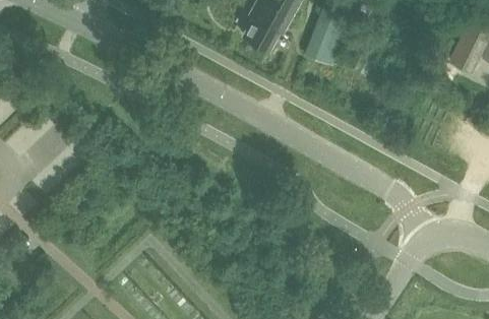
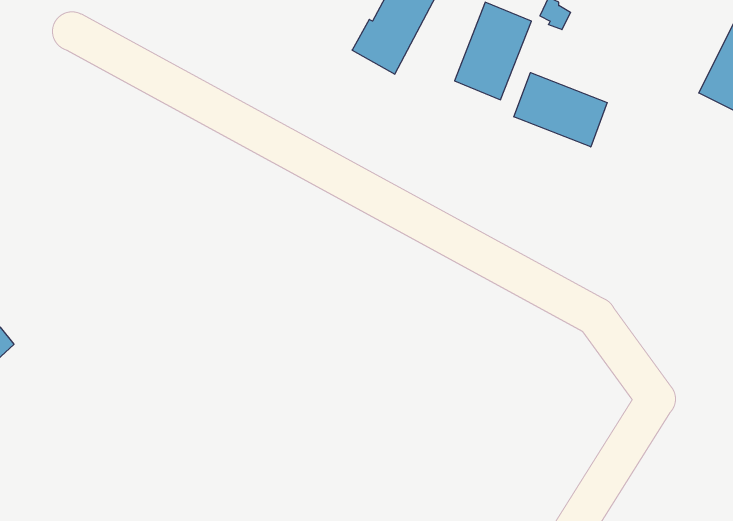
building: none -> [514,73,607,147]

